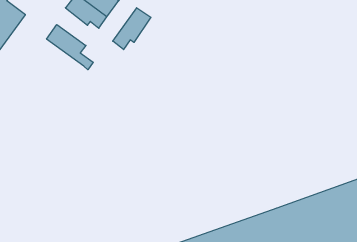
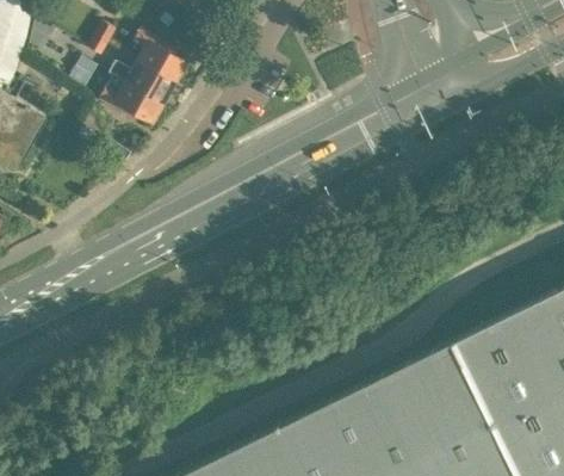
building: [113,8,151,50] -> none
building: [47,25,93,70] -> none

